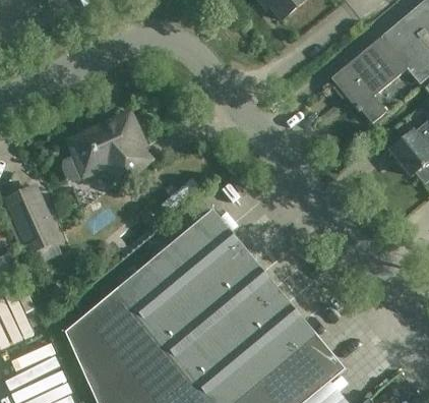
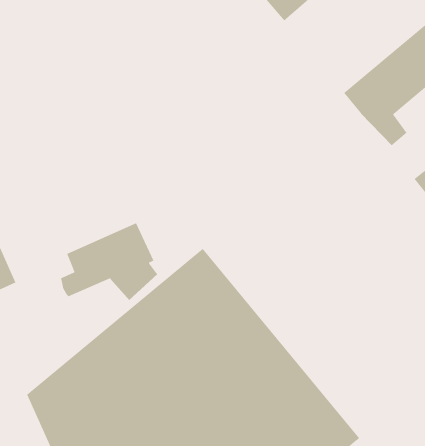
building: [65,115,147,181] -> [60,222,158,301]

